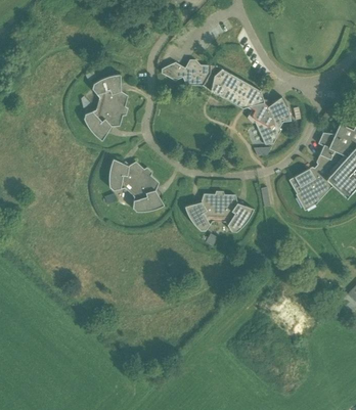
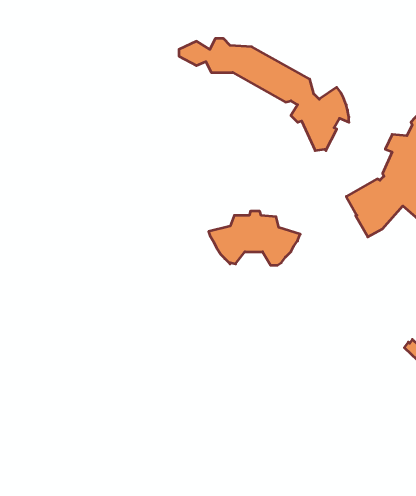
building: [83,75,127,141] -> none
building: [107,160,163,212] -> none

